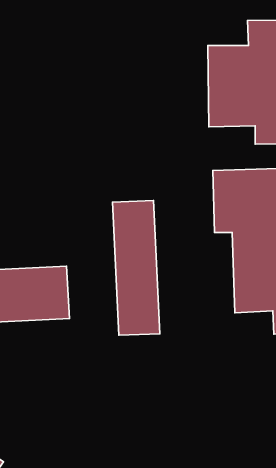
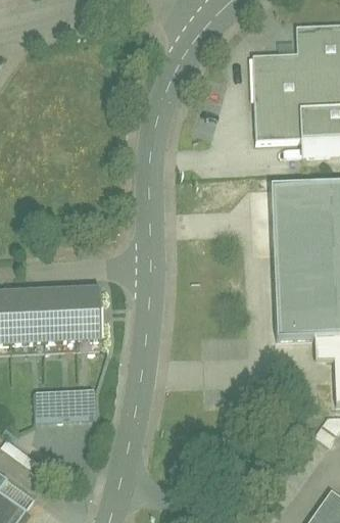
building: [113,201,160,335] -> none
building: none -> [35,388,97,423]

